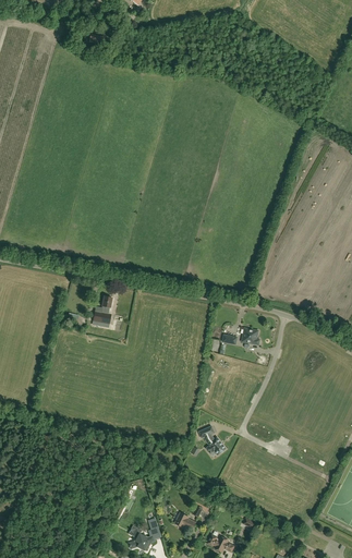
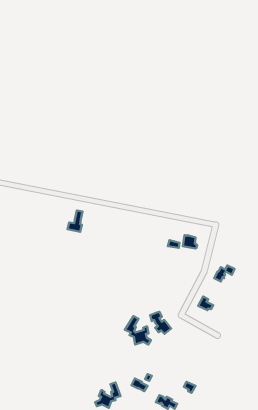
building: none -> [125,316,151,344]

